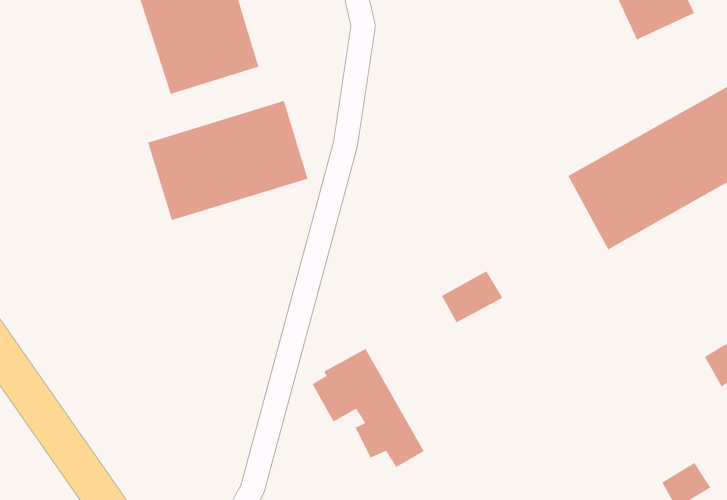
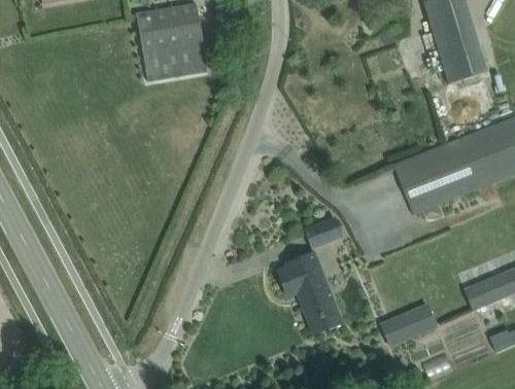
building: [148,100,308,221] -> none
building: [312,348,425,468] -> [278,252,344,330]
building: none -> [382,304,438,347]

